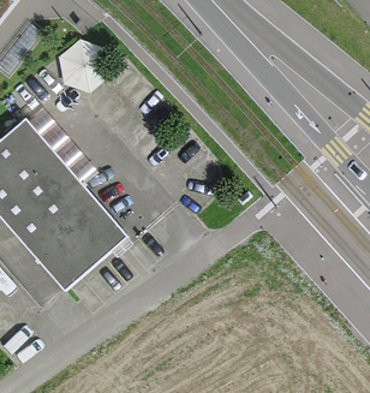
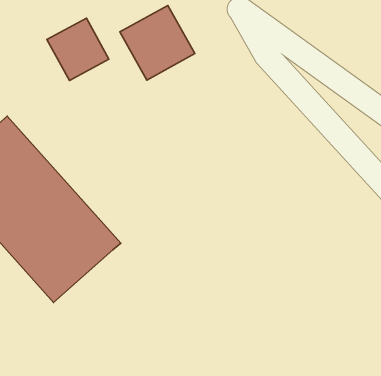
building: none -> [120,5,195,80]

